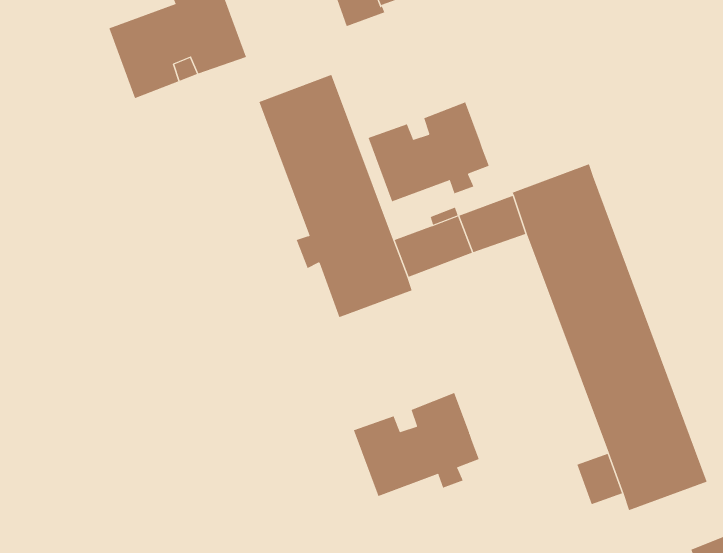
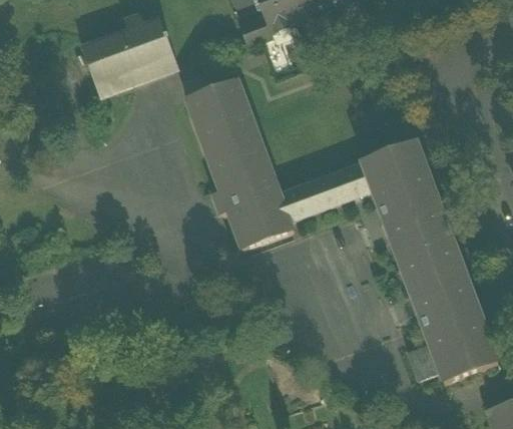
building: [368,101,490,202] -> none
building: [353,392,480,497] -> none

